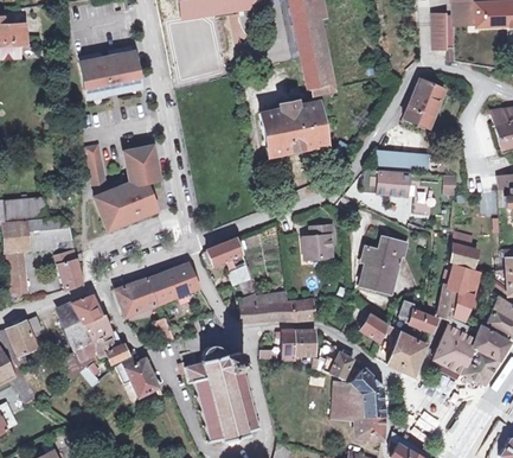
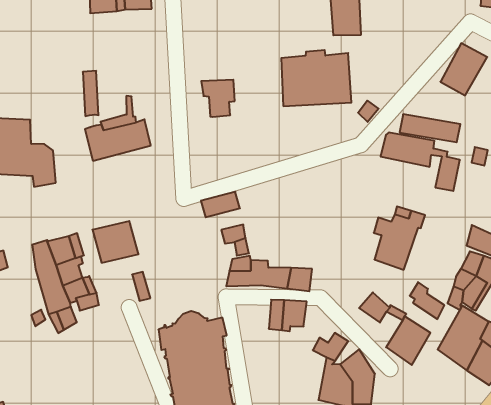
building: [124,148,156,184] -> [201,80,235,117]
building: [306,229,332,256] -> none
building: [56,252,81,292] -> none
building: [146,266,197,306] -> none
building: [115,360,156,397] -> none

